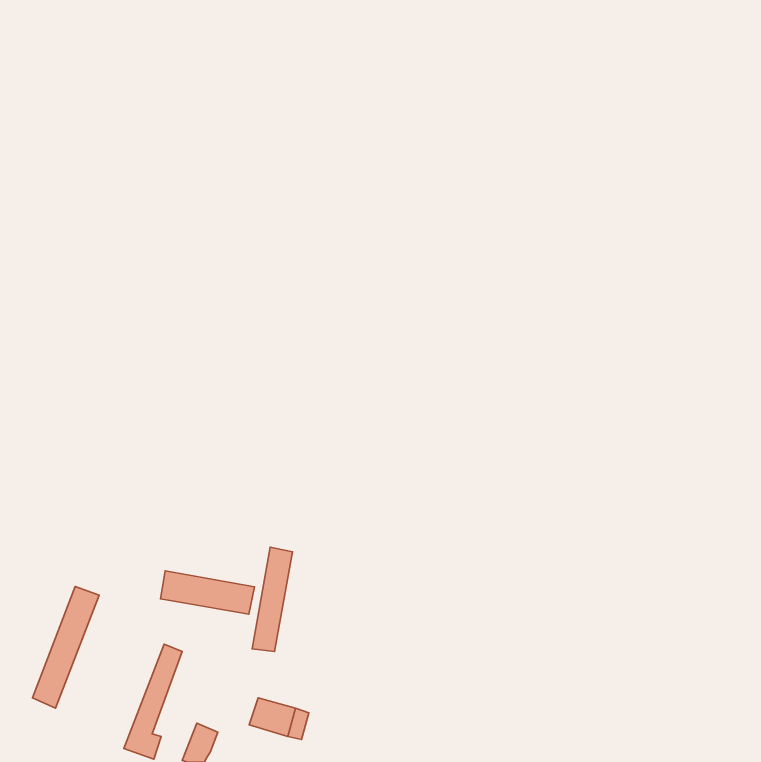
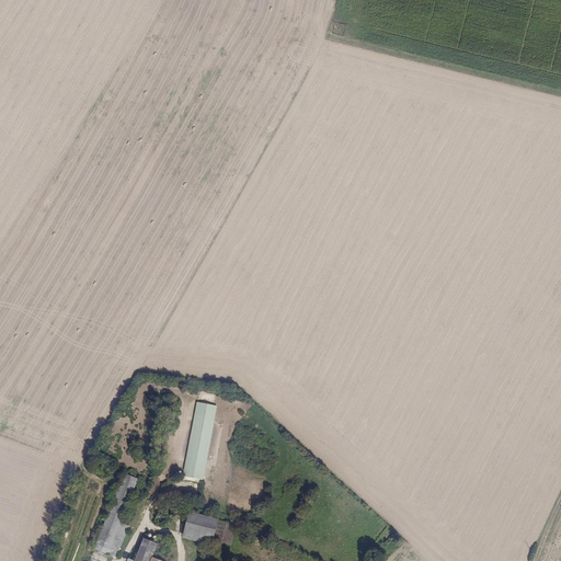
building: [161,571,255,614] -> none
building: [32,586,99,708] -> none

